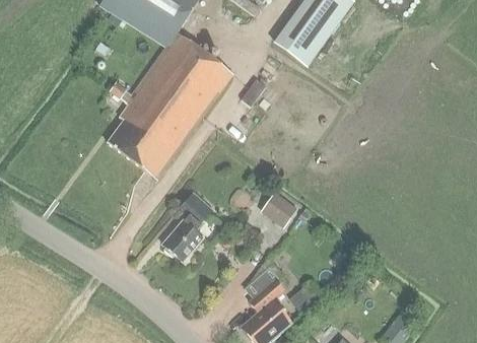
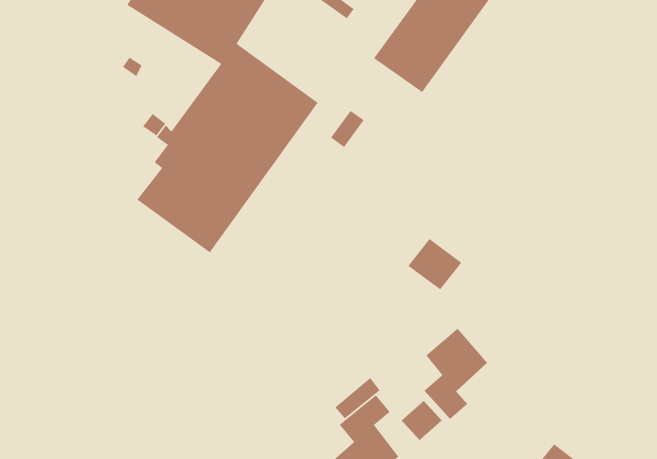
building: [162,191,212,260] -> none
building: [259,191,297,227] -> [407,238,462,290]
building: none -> [424,328,488,420]

